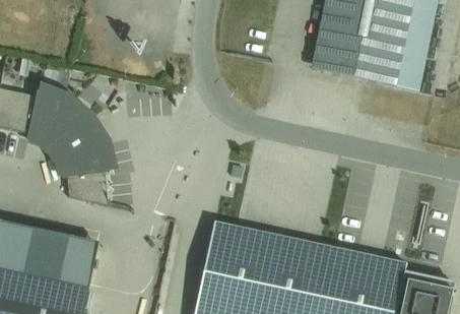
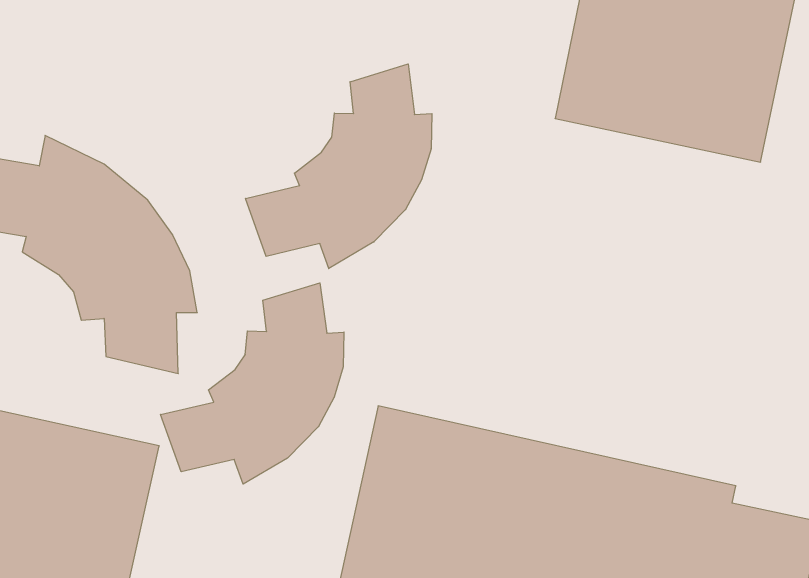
building: none -> [246,64,432,269]
building: none -> [161,283,344,484]

